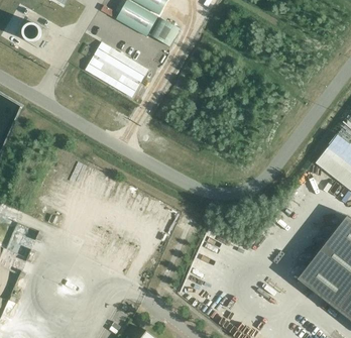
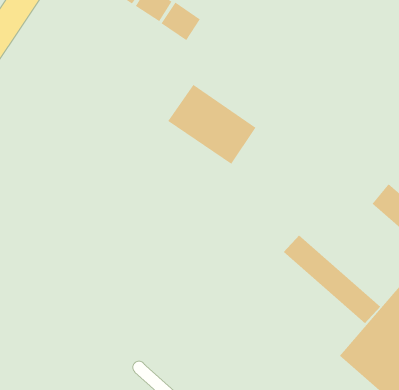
building: [83,42,150,102] -> [167,84,256,165]
building: none -> [283,234,381,324]

